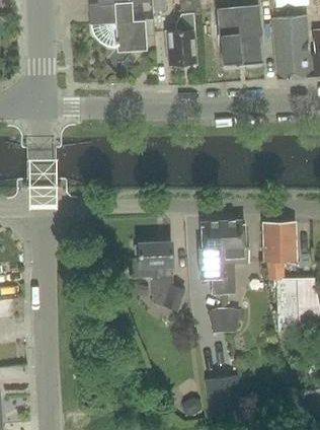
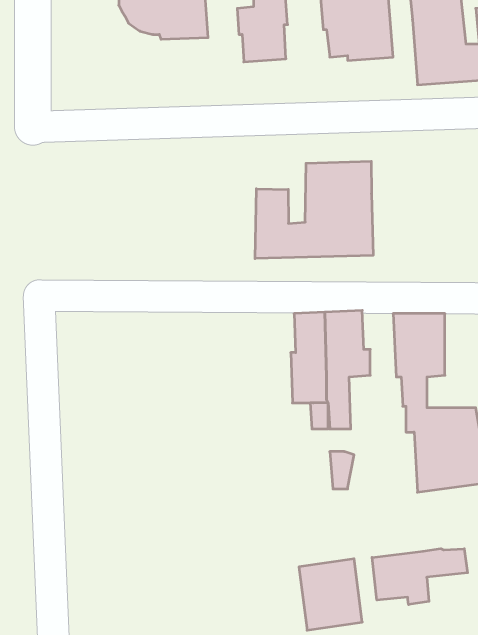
building: none -> [255,161,373,259]
building: [129,241,184,310] -> none
building: none -> [372,549,468,605]

